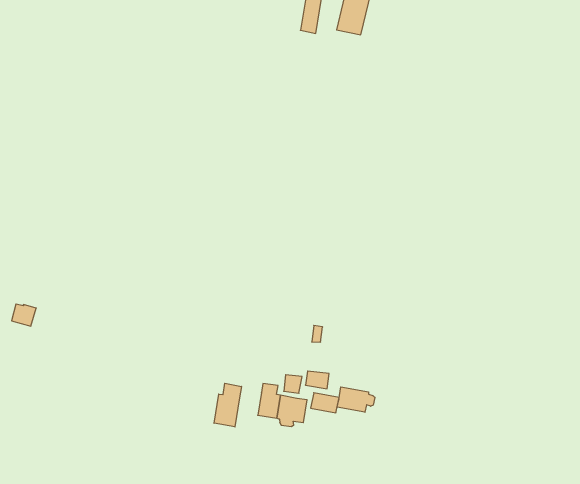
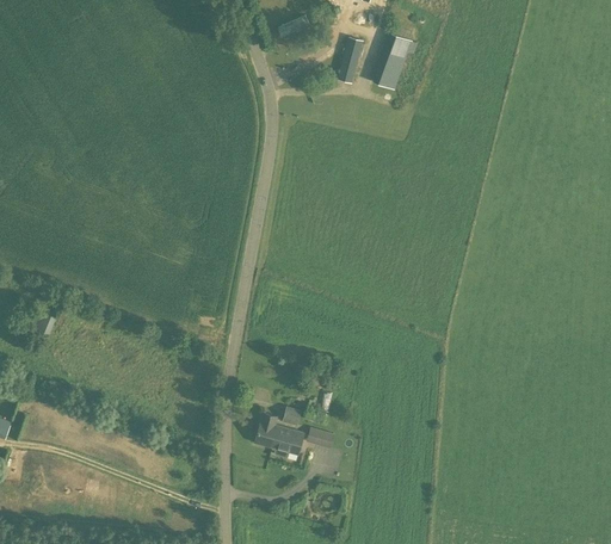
building: [214,383,241,427] -> none
building: [337,387,375,412] -> none

